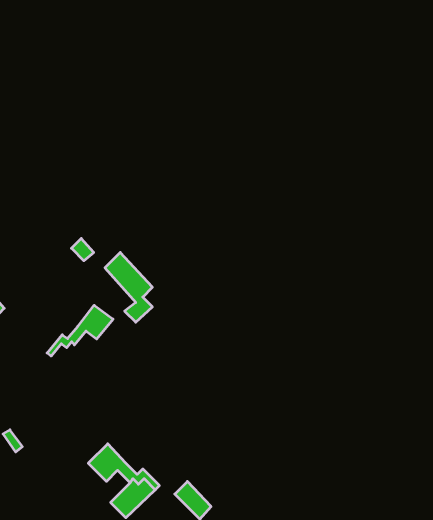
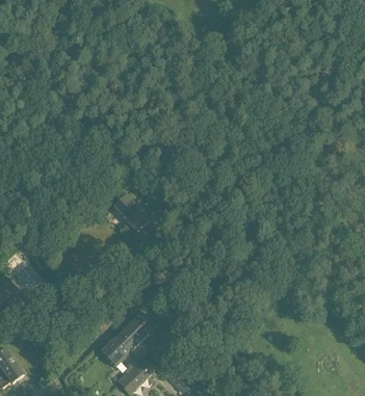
building: [47,305,113,356] -> none
building: none -> [115,314,152,351]

